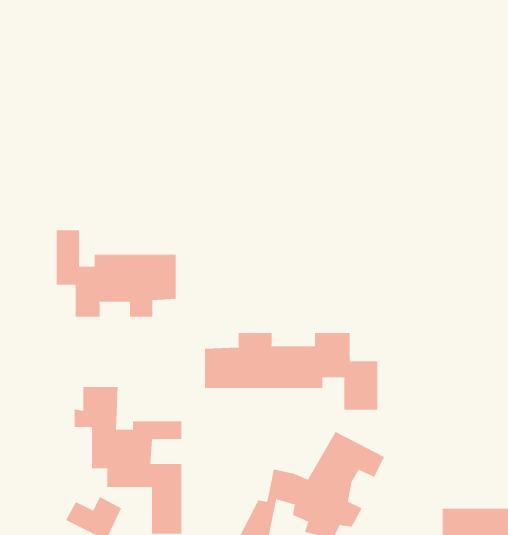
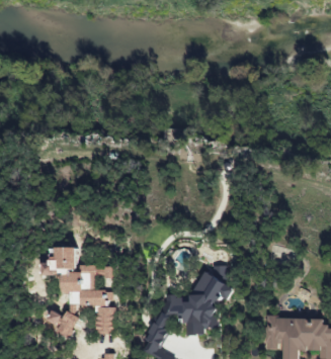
building: [56,229,176,318] -> none
building: [204,332,378,410] -> none

